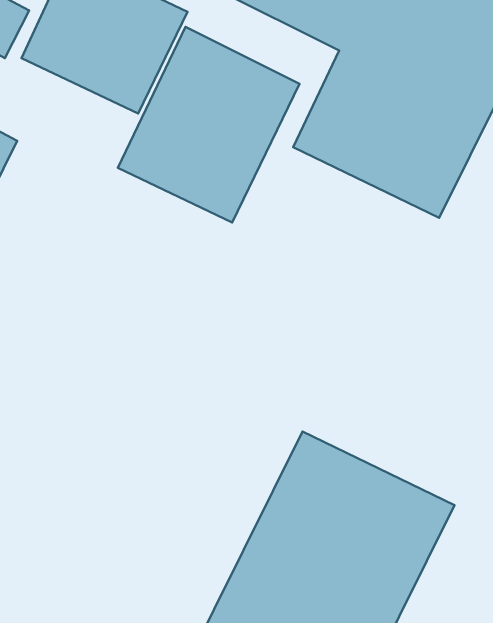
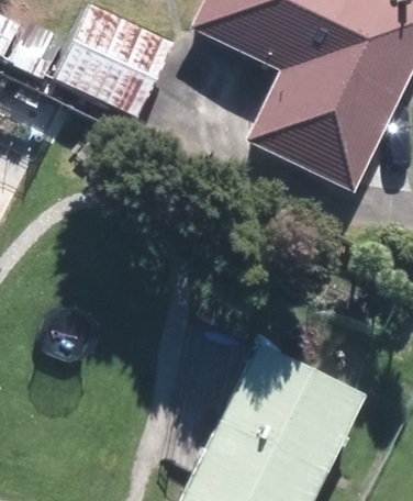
building: [118,27,300,222] -> none

